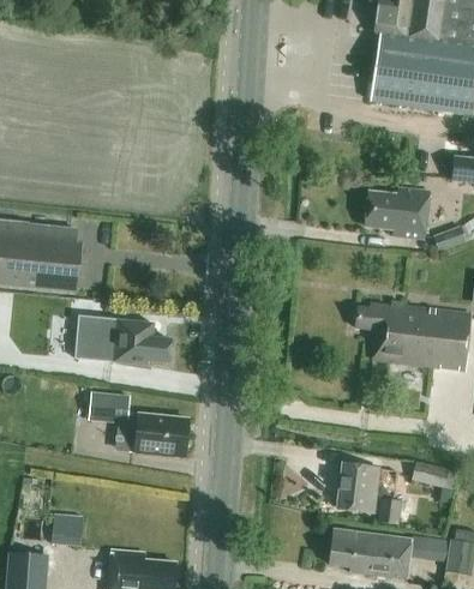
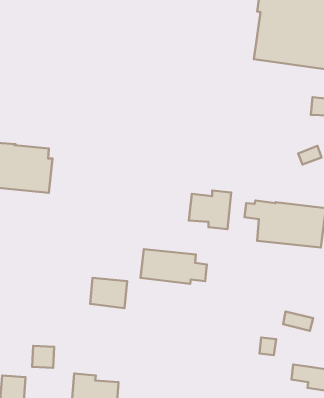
building: [366,187,428,239] -> none
building: none -> [189,190,231,229]
building: [76,315,170,365] -> [141,249,207,284]
building: [89,391,131,423] -> none
building: [340,465,378,511] -> none
building: [329,529,410,578] -> none

